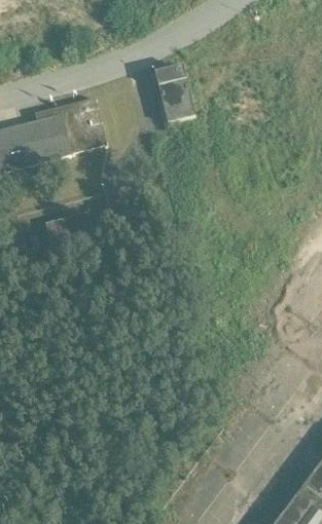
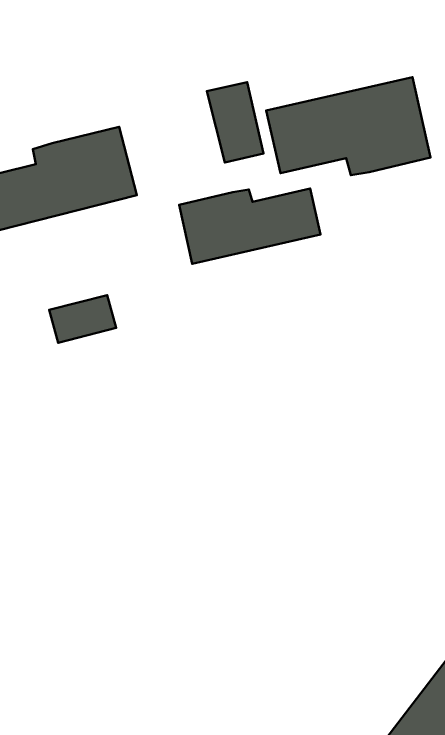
building: none -> [266,77,430,175]
building: none -> [179,188,321,264]

